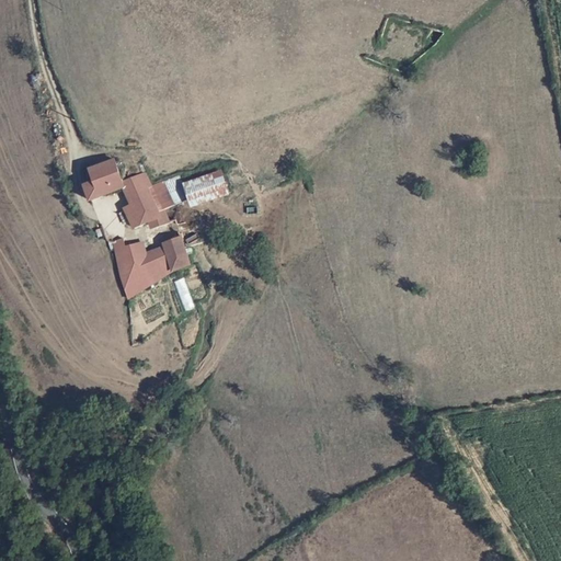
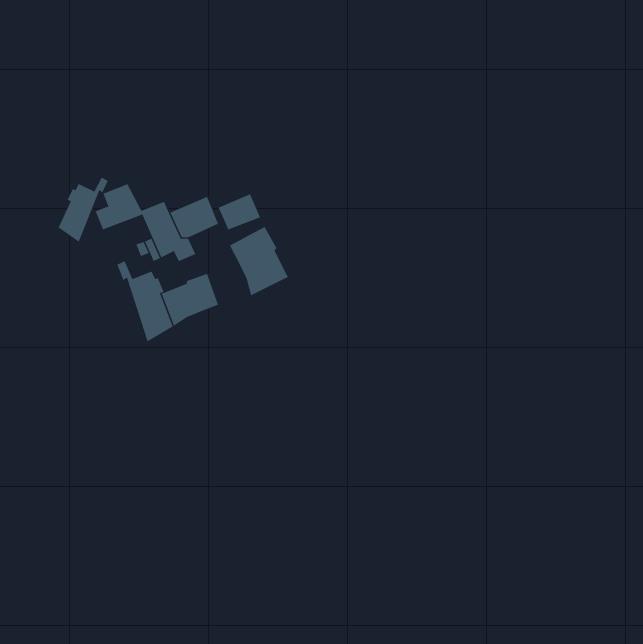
building: none -> [58,177,109,242]
building: none -> [229,226,289,296]

